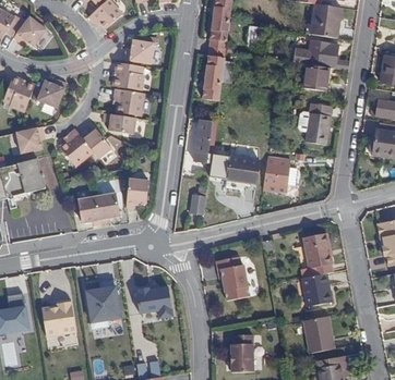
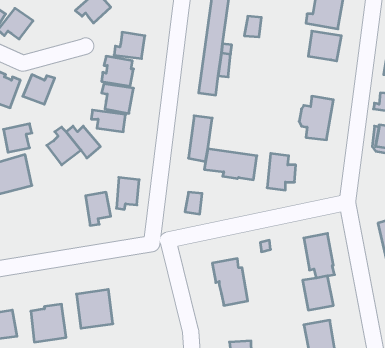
building: [304,63,330,89] -> none
building: [75,196,99,226] -> none
building: [137,283,173,317] -> none

